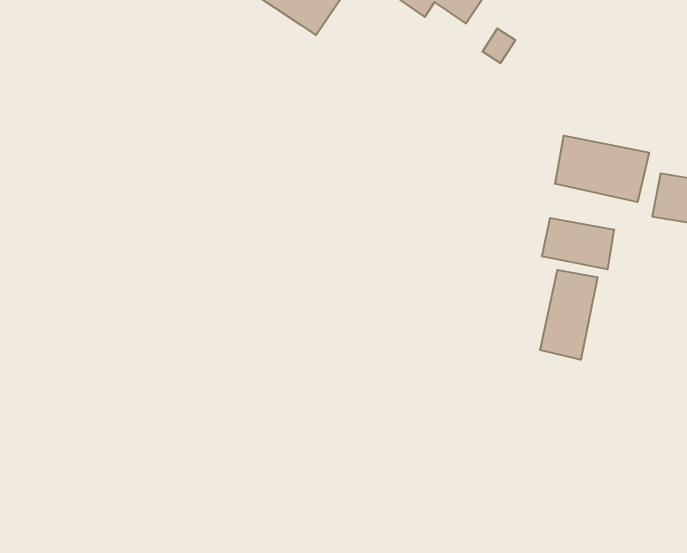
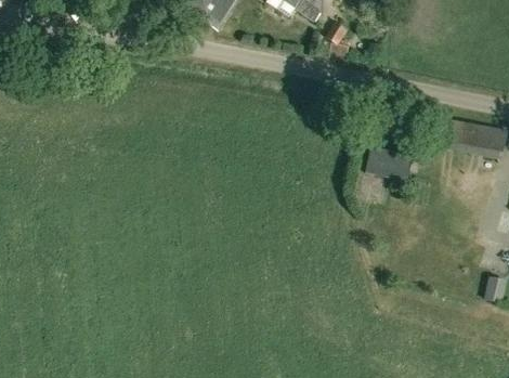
building: [555,135,649,202] -> none
building: [540,270,597,360] -> none

